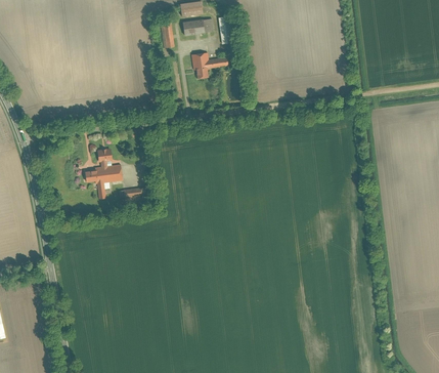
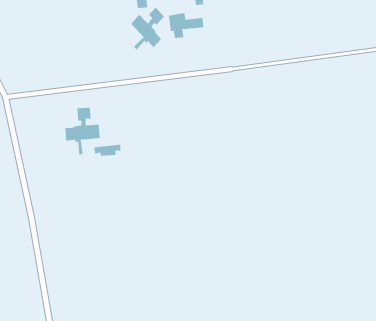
building: none -> [131,7,165,51]

